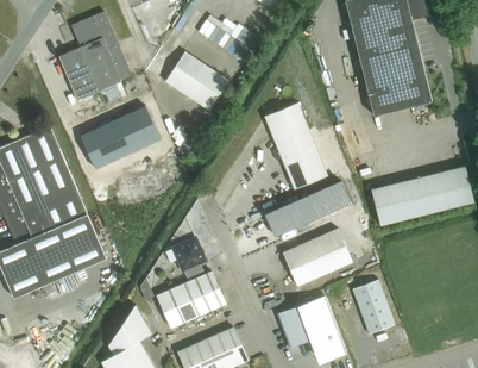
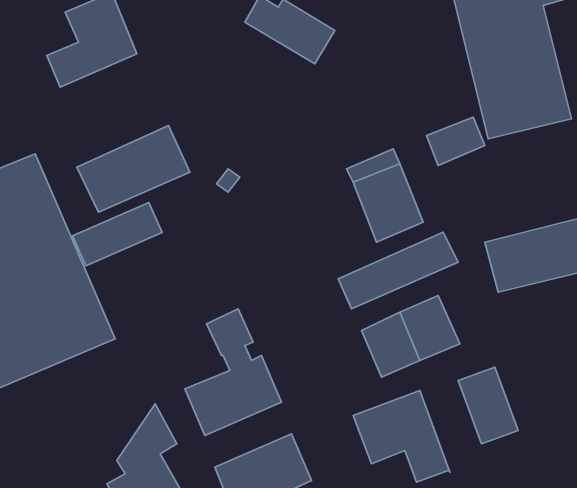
building: [164,52,227,111] -> none
building: [68,55,132,100] -> [72,203,162,266]
building: [264,102,306,137] -> [427,117,485,166]

